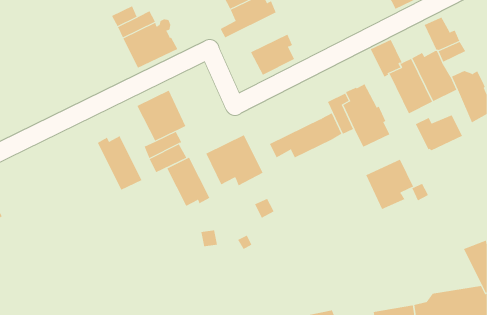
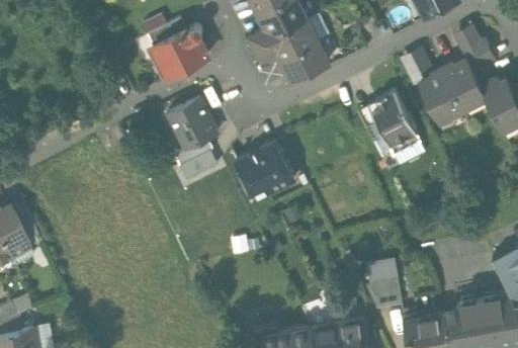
building: [269,112,342,158] -> [255,16,328,62]
building: [415,114,463,151] -> none
building: [97,135,142,191] -> none
building: [166,157,210,207] -> none
building: [366,159,414,210] -> none
building: none -> [365,262,402,310]

